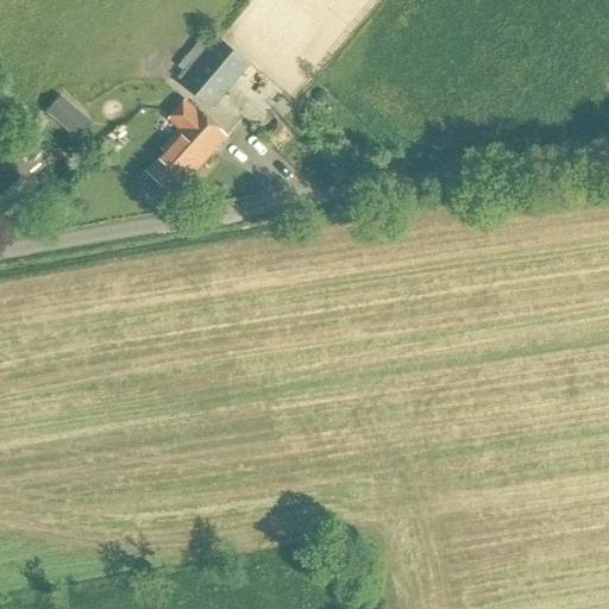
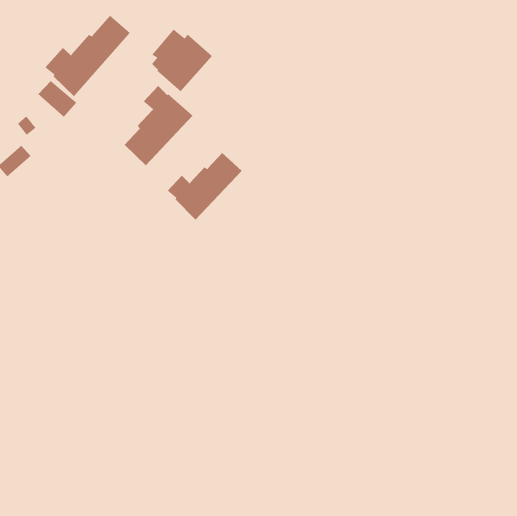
building: none -> [45,15,131,97]
building: none -> [167,152,242,221]

